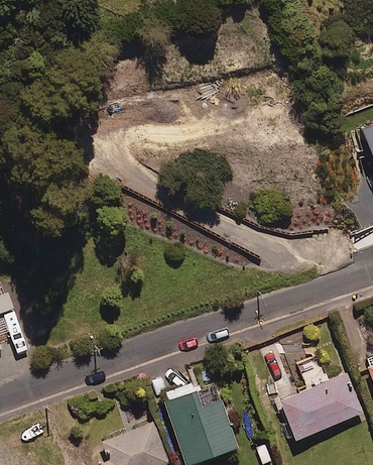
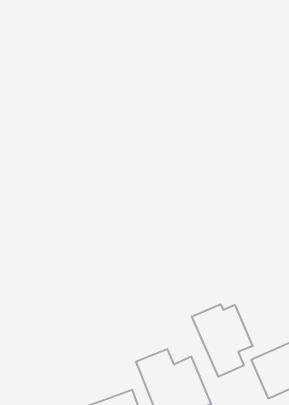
building: none -> [192,304,253,377]

